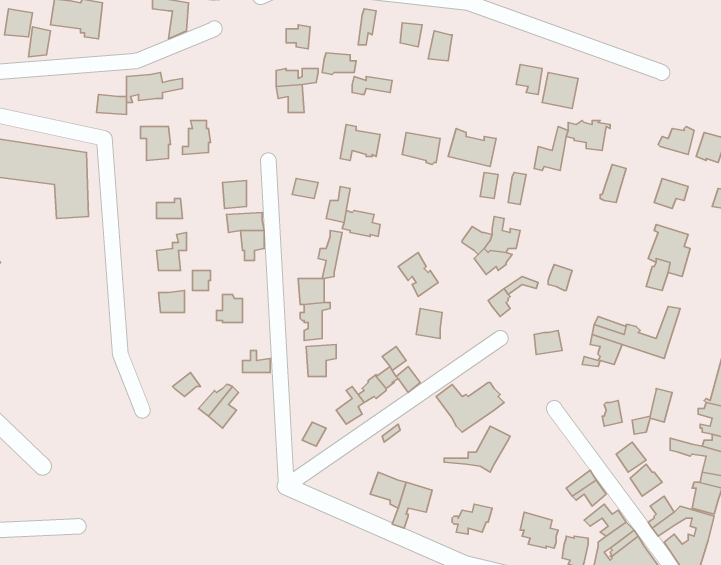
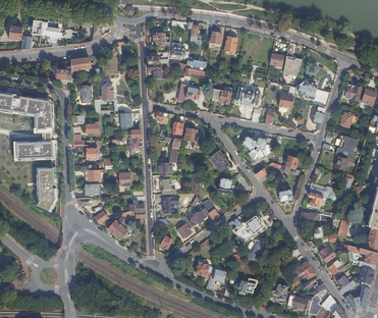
building: none -> [13,139,54,159]
building: none -> [36,166,56,211]

